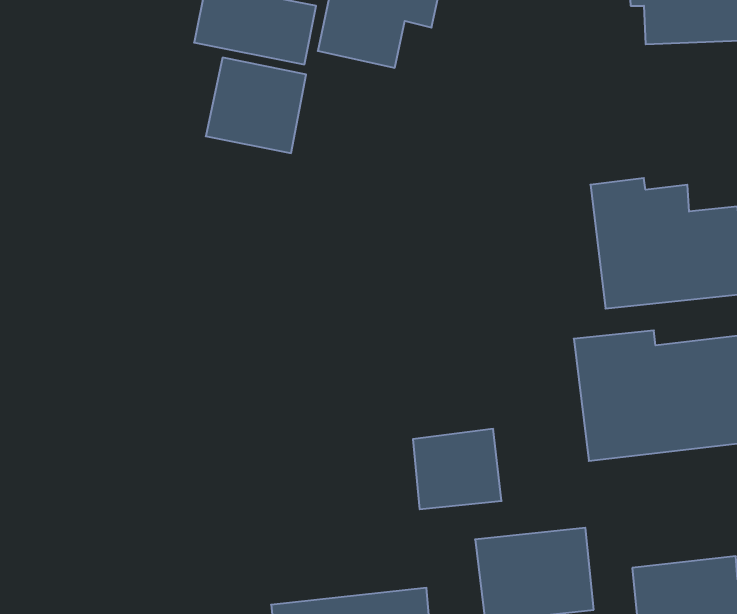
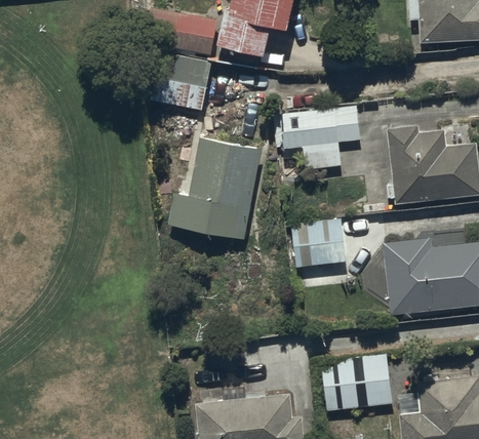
building: none -> [274,110,361,173]
building: none -> [169,143,263,244]
building: [413,429,502,509] -> [292,223,347,272]

